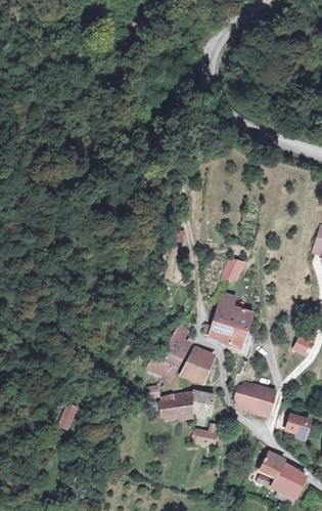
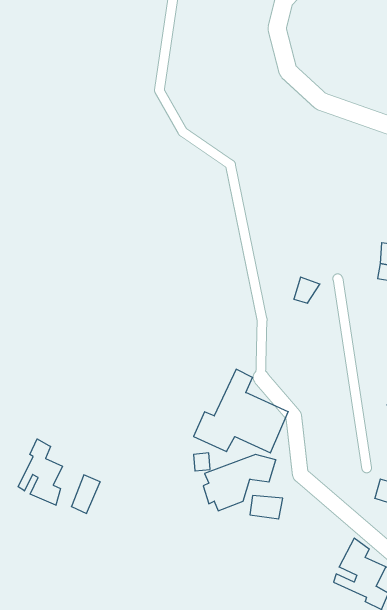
building: [204,290,247,345] -> none
building: none -> [18,439,63,505]
building: [230,380,274,414] -> none

